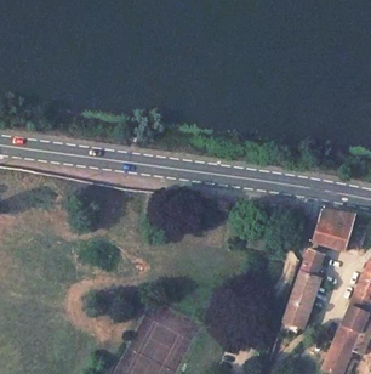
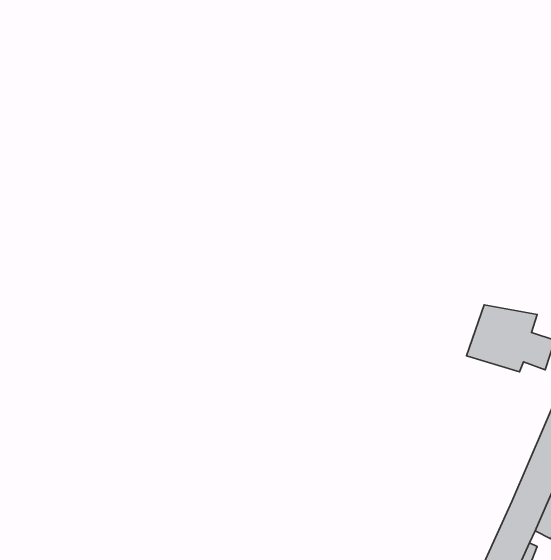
building: [280,248,324,334] -> none

